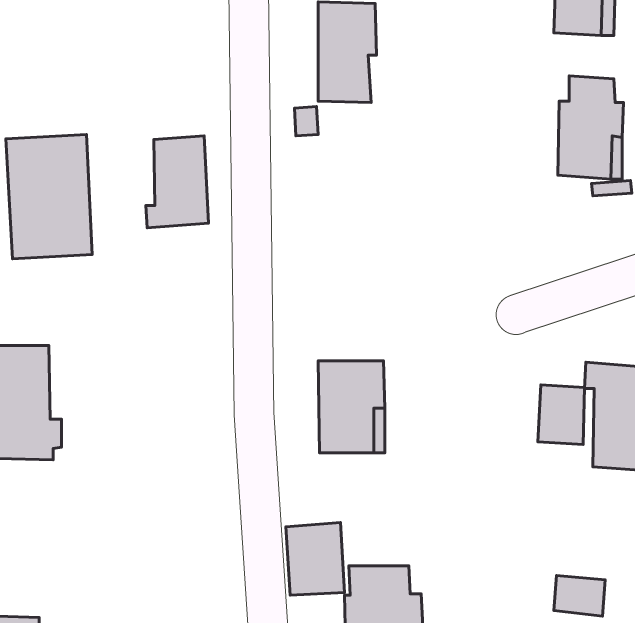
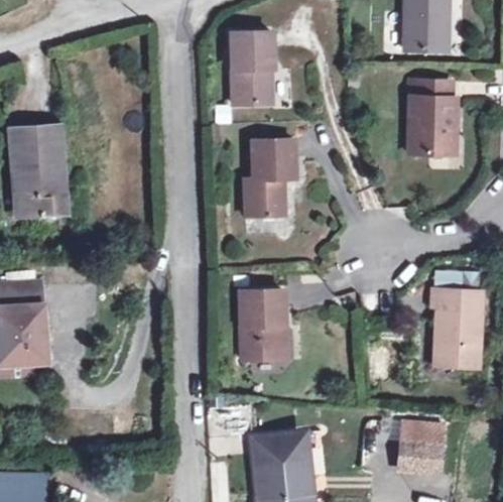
building: [146,136,209,228] -> none
building: none -> [244,137,296,215]
building: [538,385,584,444] -> none
building: none -> [407,419,445,447]

